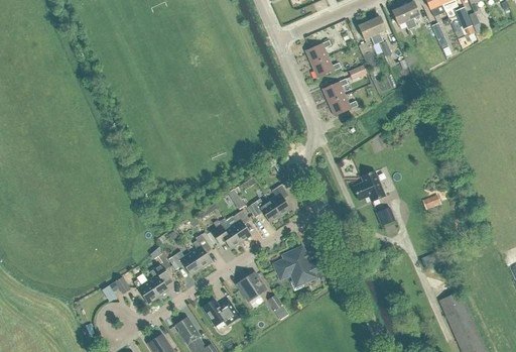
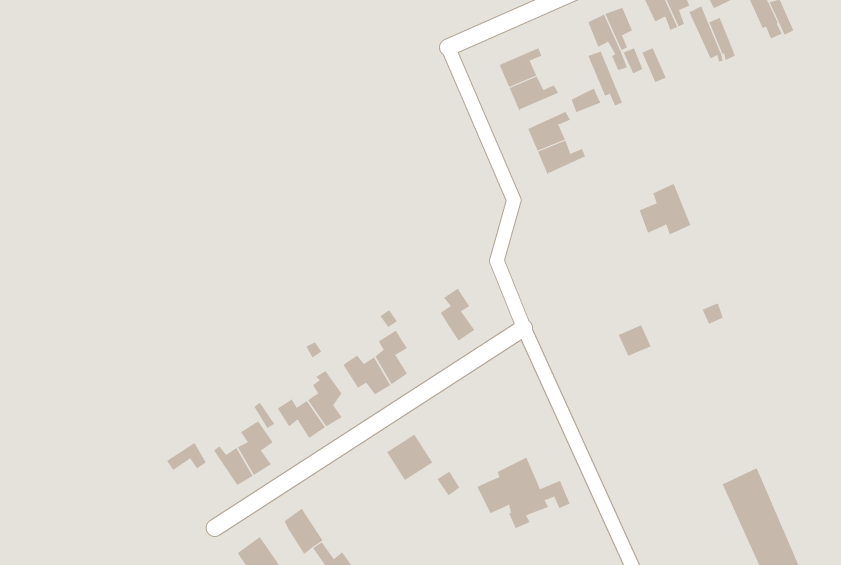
building: [354,169,385,201] -> [639,183,691,235]
building: [248,198,281,222] -> none
building: [272,246,329,289] -> [477,457,571,529]
building: [203,299,240,325] -> none

